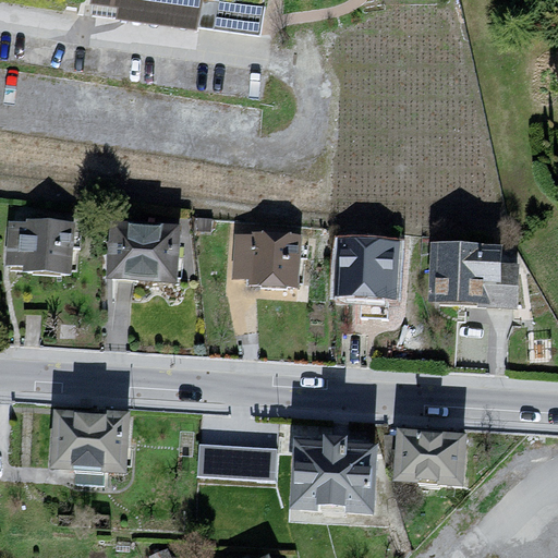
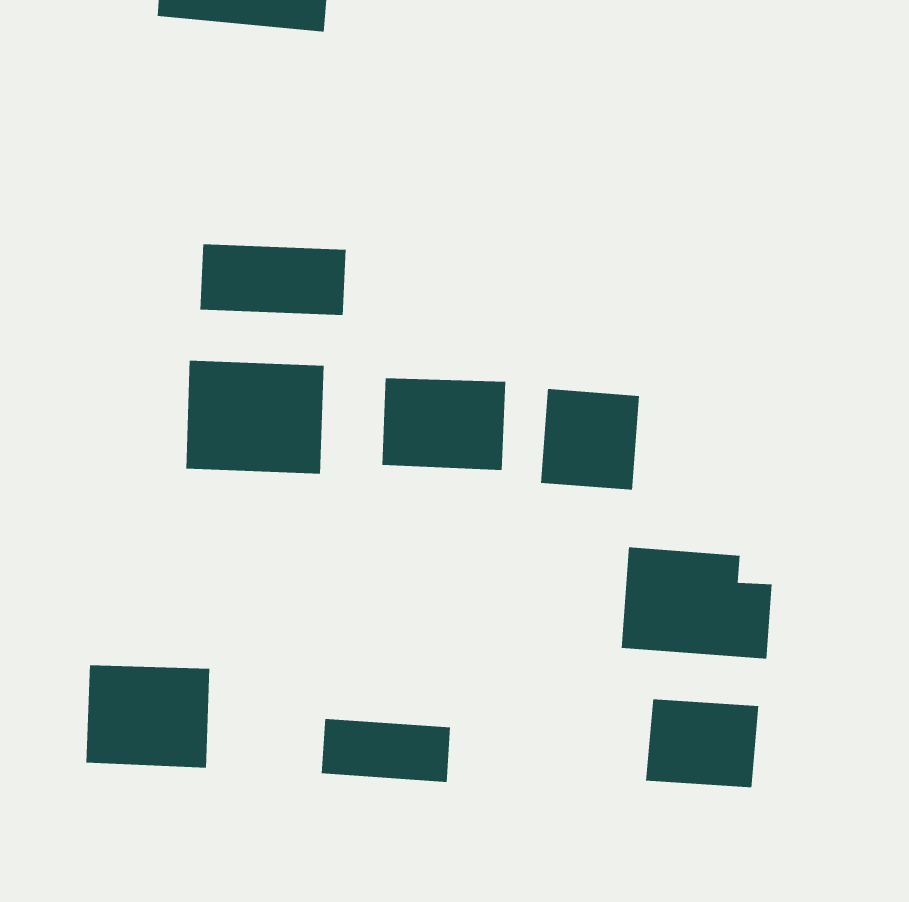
building: none -> [200,243,346,316]
building: [9,217,83,271] -> none
building: [413,242,506,311] -> [621,547,772,659]
building: [290,437,375,514] -> none

